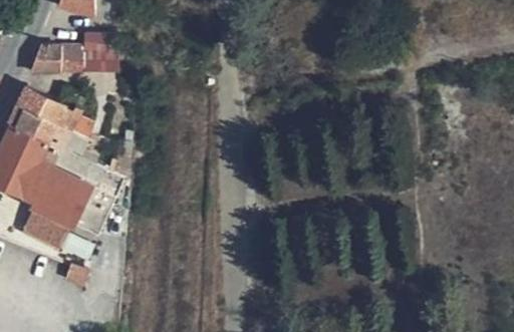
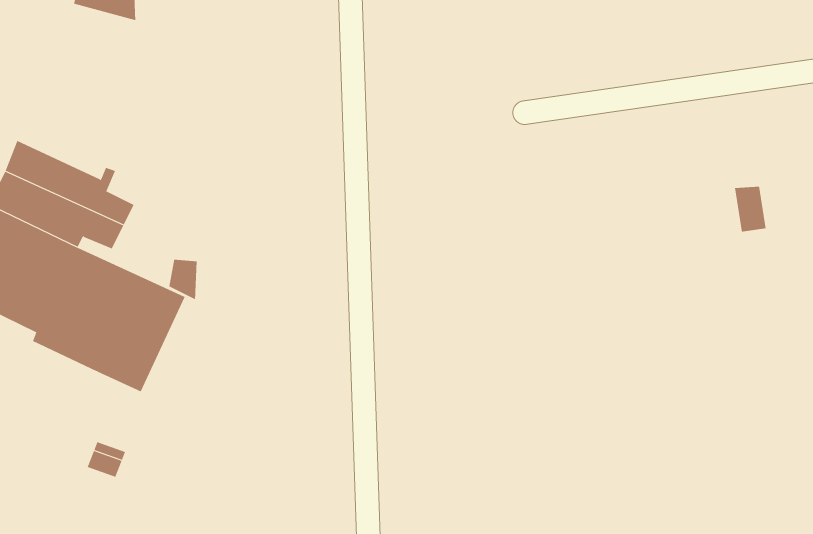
building: [27,34,115,74] -> none
building: [20,205,69,248] -> none

